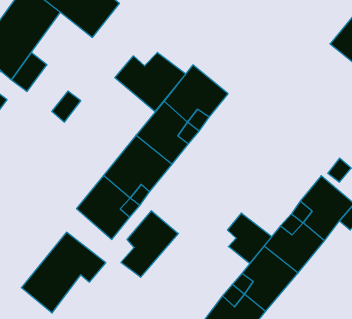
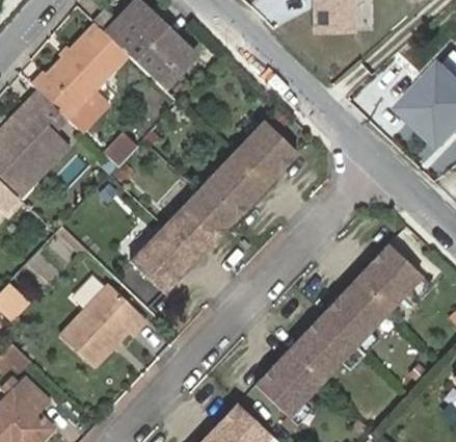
building: [115,52,186,112] -> none
building: [121,211,178,277] -> none
building: [228,213,272,264] -> none

